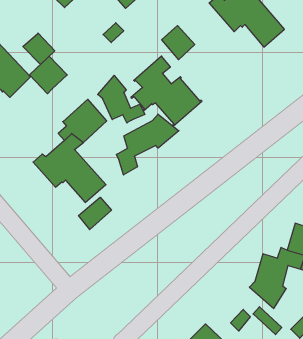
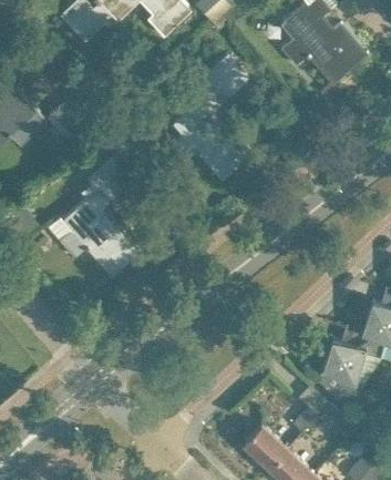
building: [23,33,55,65] -> none
building: [98,75,145,123] -> none
building: [116,114,179,175] -> none
building: [79,197,111,230] -> none

